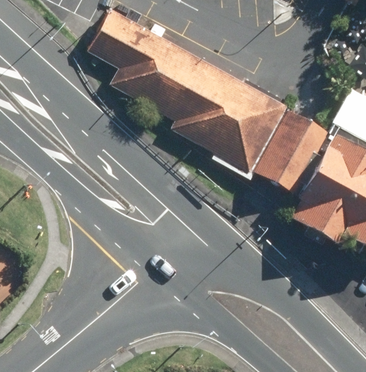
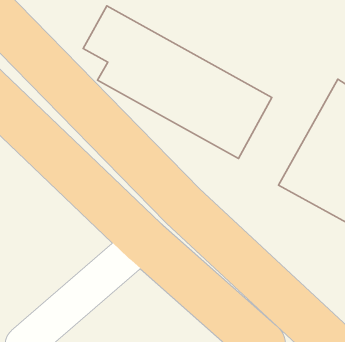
building: [252,102,336,192] -> none

